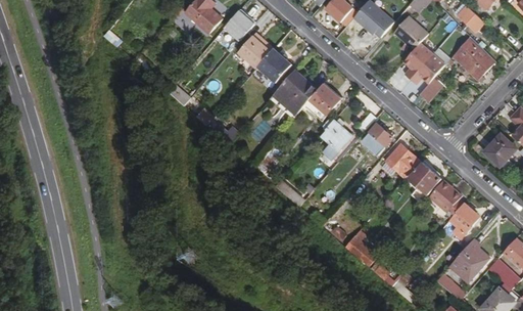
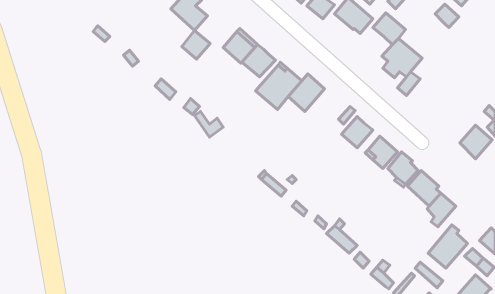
building: [224,11,253,41] -> [182,31,210,59]
building: [451,36,494,80] -> none
building: [321,120,352,160] -> none

